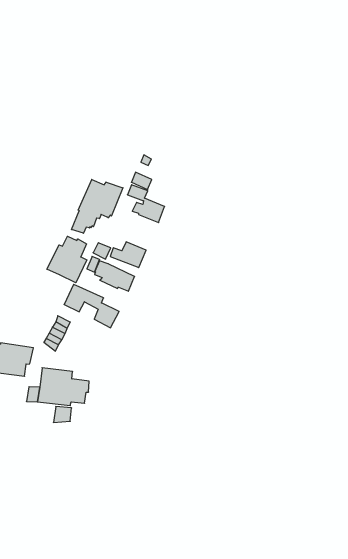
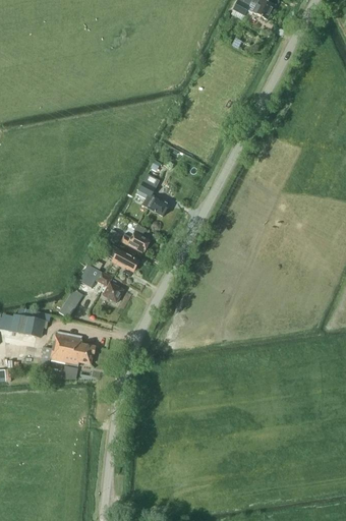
building: [72,179,123,233] -> none
building: [47,236,87,283] -> none

